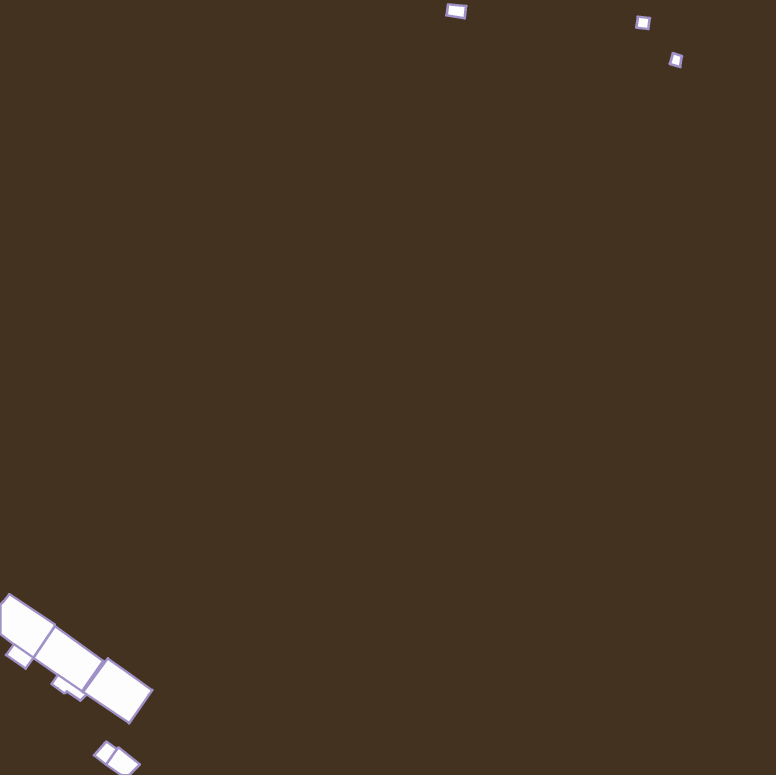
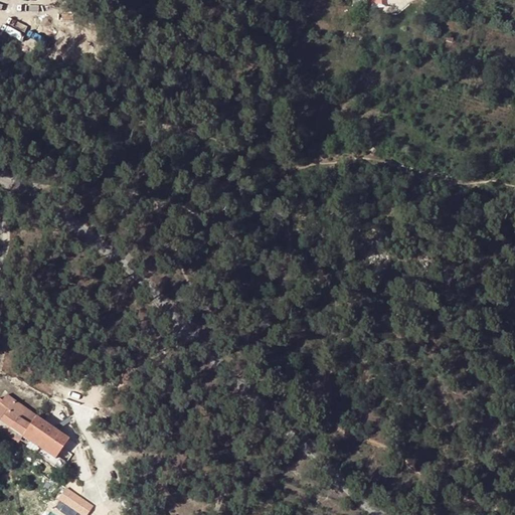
building: [83,658,152,723] -> none

